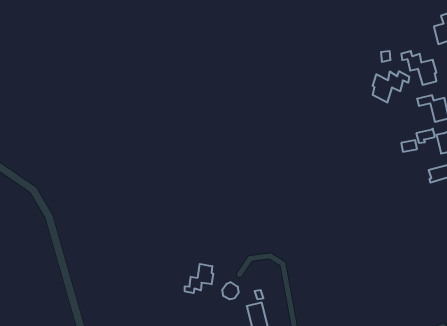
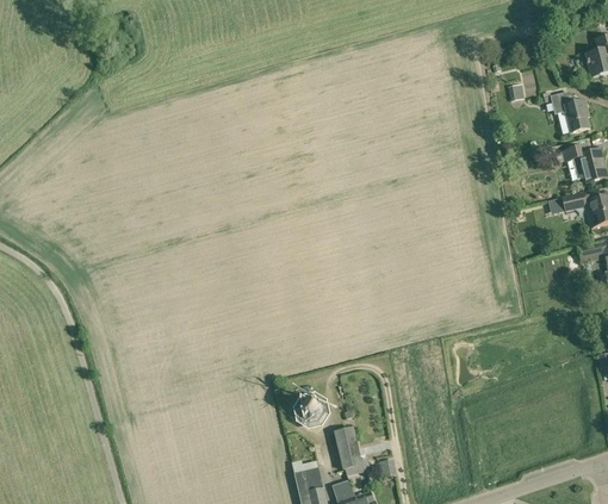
building: [373,71,409,103] -> none
building: [185,264,213,293] -> none

